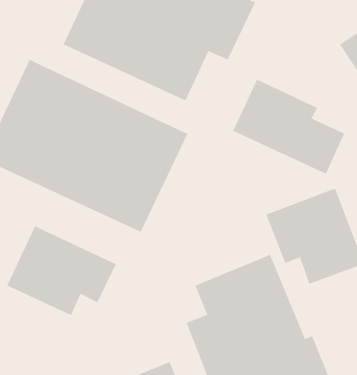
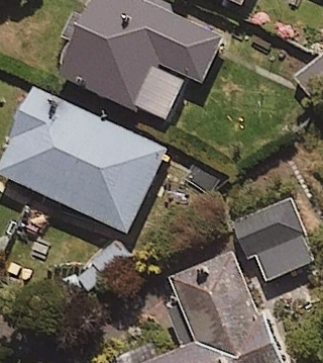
building: [233,79,345,175] -> none
building: [6,226,117,316] -> none

